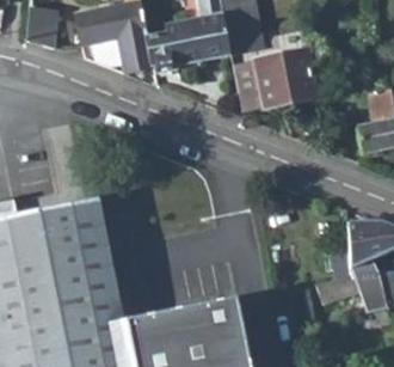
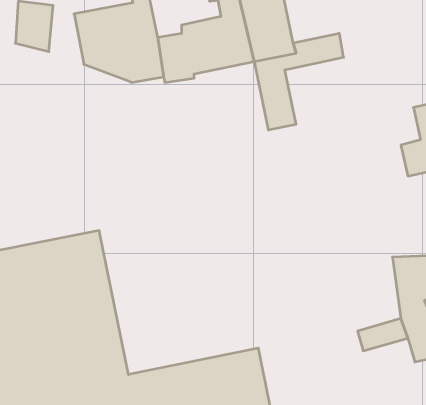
building: [256,50,315,108] -> none

